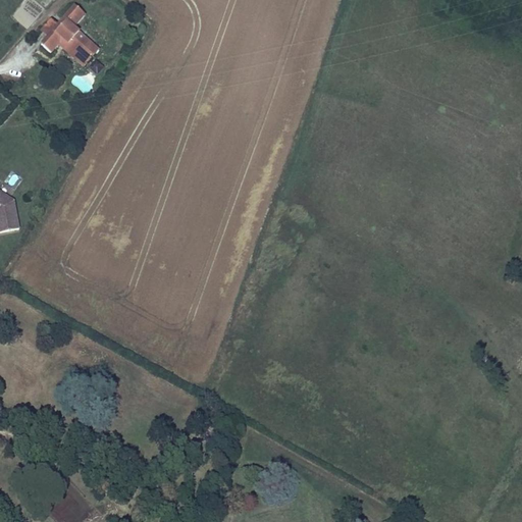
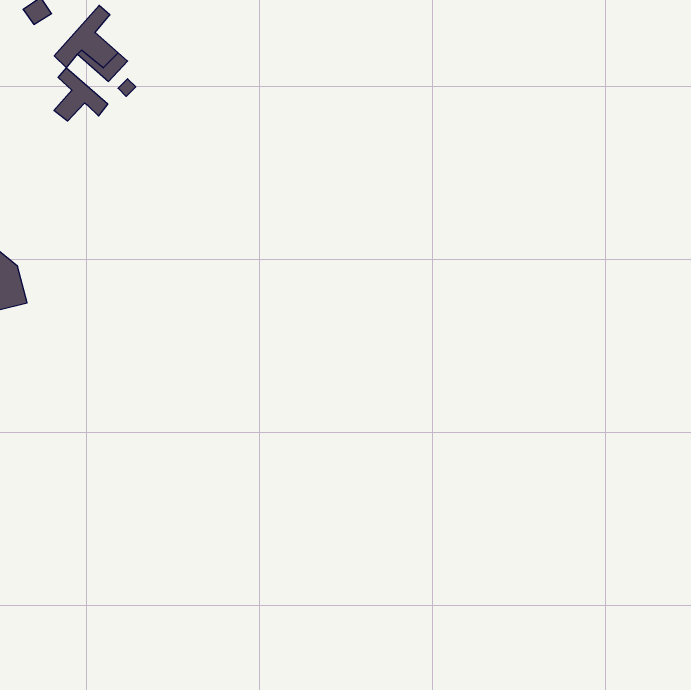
building: none -> [54,68,108,121]

